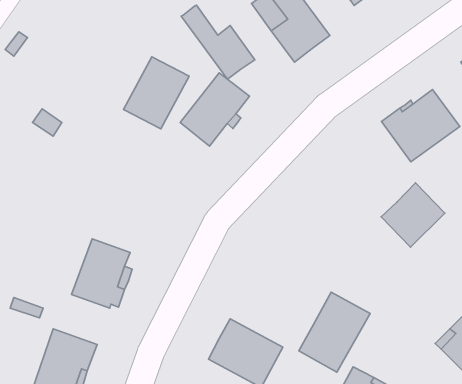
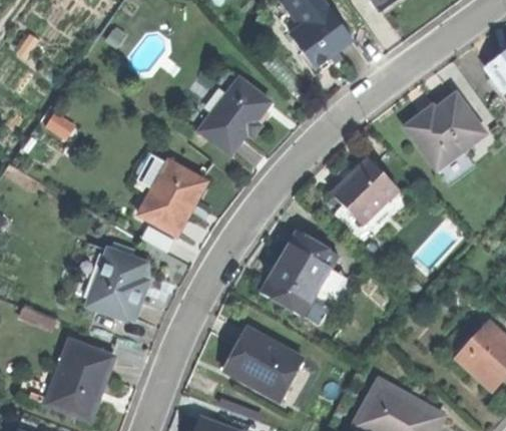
building: [181,5,255,79] -> none
building: [124,57,189,129] -> [140,161,207,236]
building: [381,183,445,247] -> [333,158,398,225]
building: [299,292,370,372] -> [266,233,339,315]

